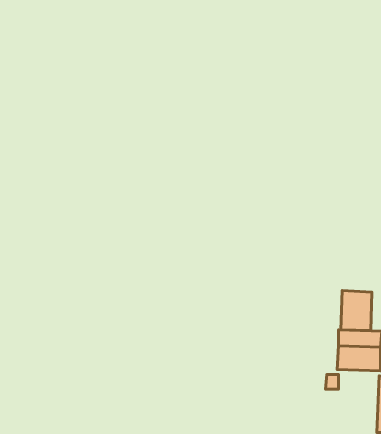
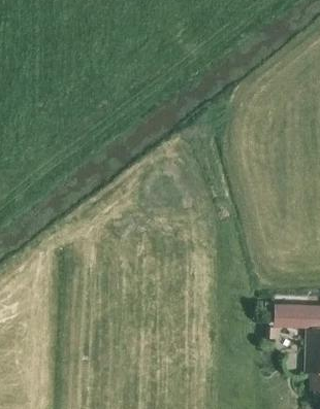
building: [341,291,372,330] -> none

